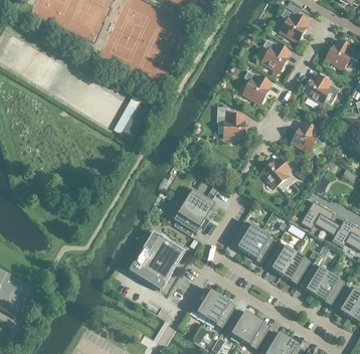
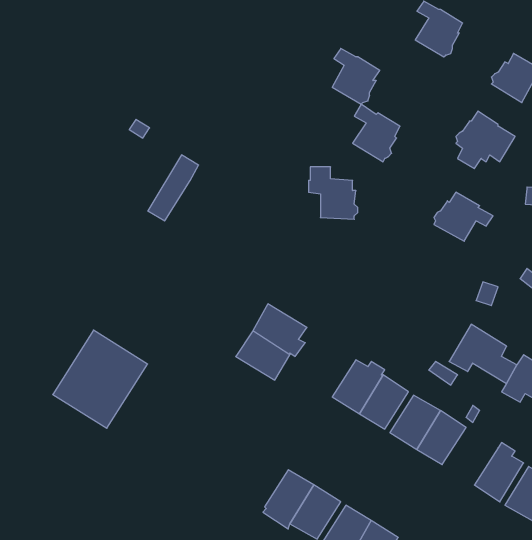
building: [261,38,290,71] -> [332,48,380,104]
building: [260,158,296,190] -> none
building: [129,231,185,290] -> [53,330,148,428]
building: [299,263,329,296] -> none

